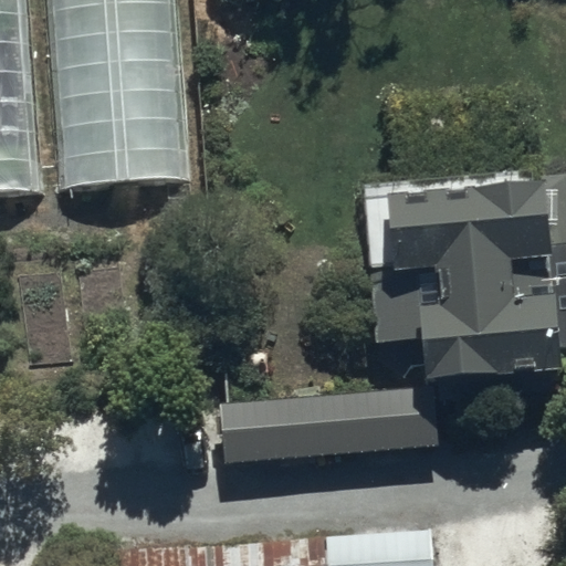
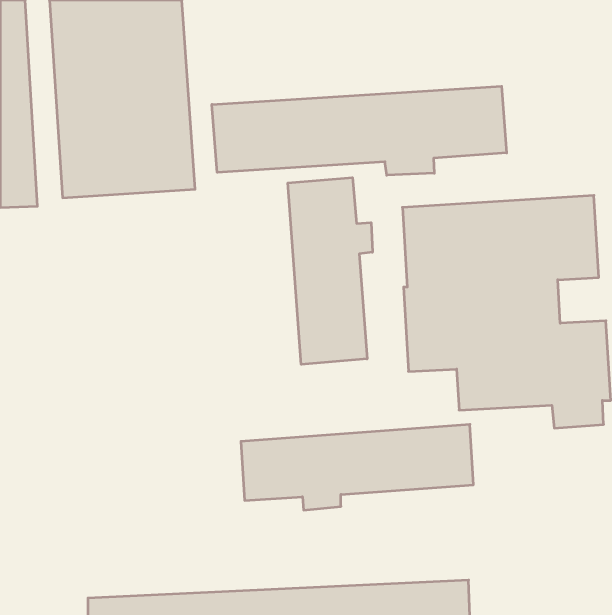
building: none -> [212,86,507,175]
building: none -> [288,178,372,364]

